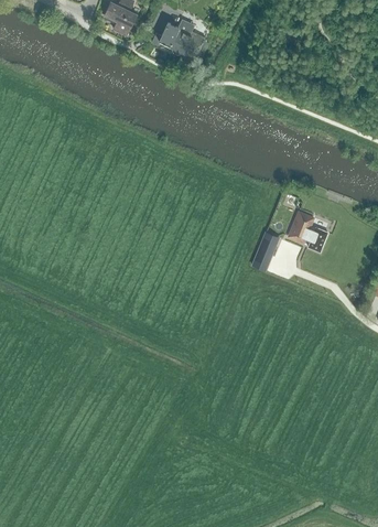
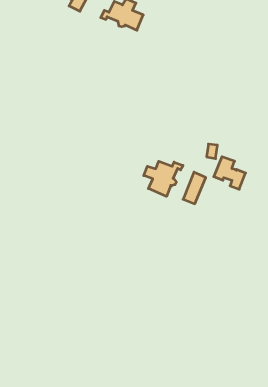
building: none -> [144,161,183,196]

